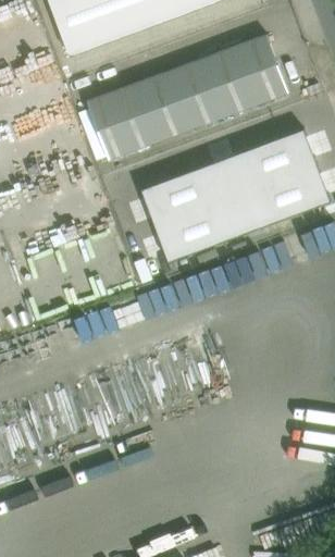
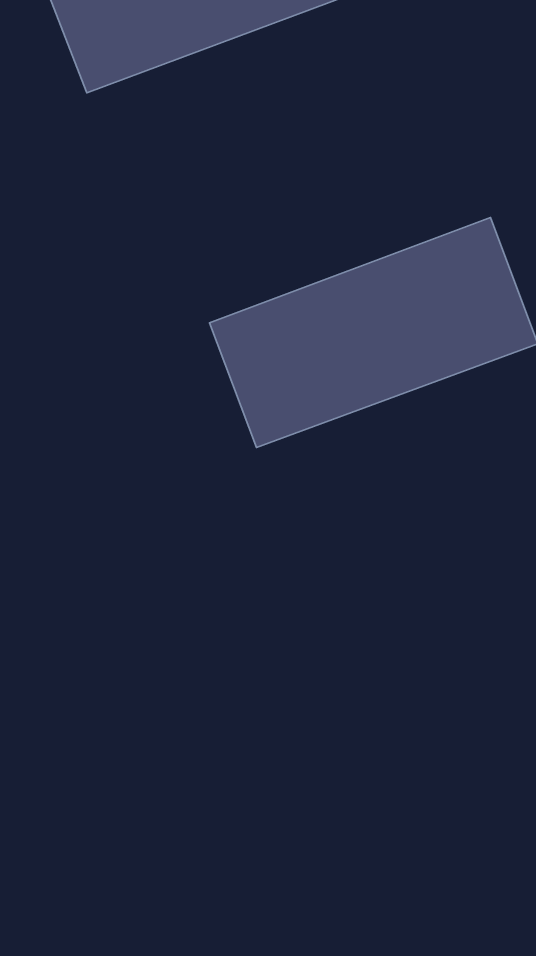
building: [87,34,288,159] -> none

